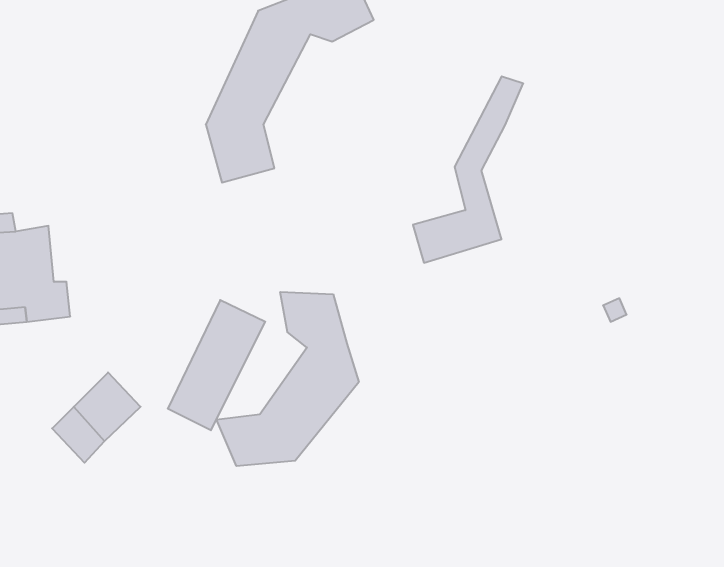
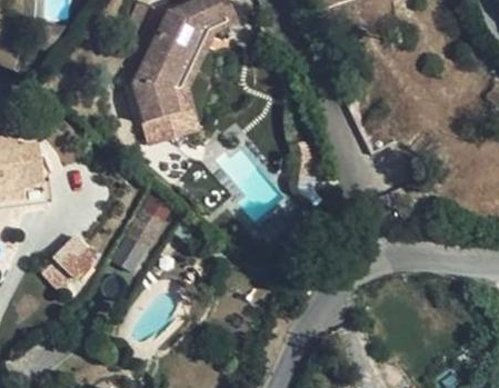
building: [413,76,523,263] -> [143,28,211,142]
building: [217,292,359,466] -> none

